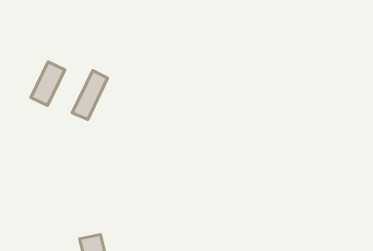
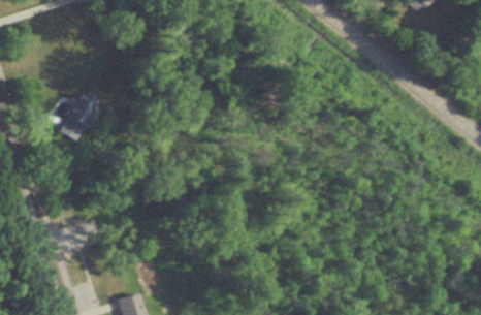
building: [72,71,108,120] -> none

